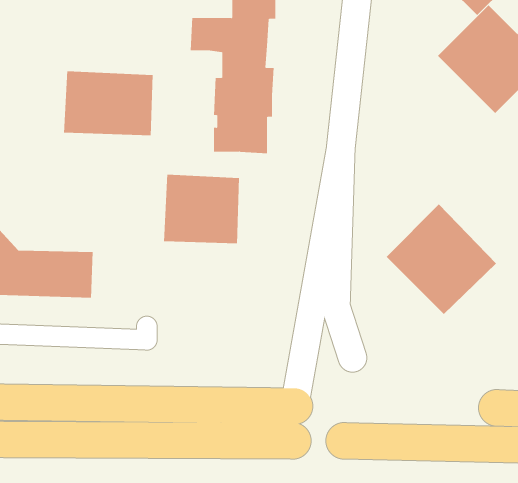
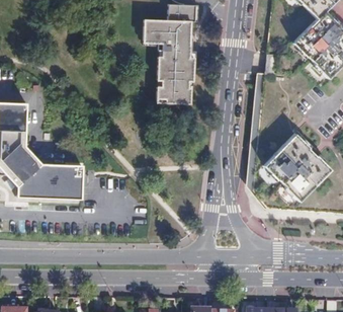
building: [63,71,153,136] -> none
building: [164,174,240,244] -> none

